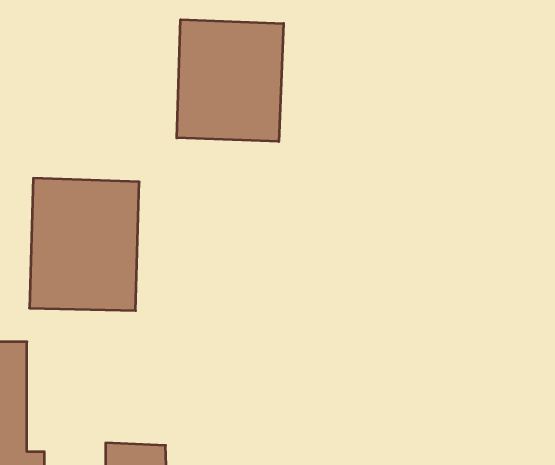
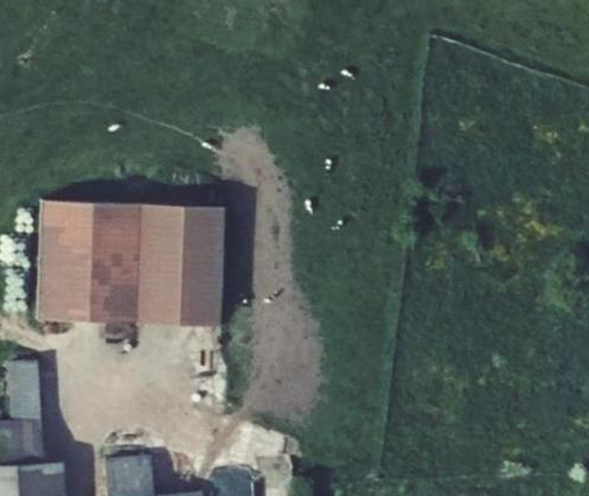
building: [177,20,284,142] -> none
building: none -> [140,204,226,333]

